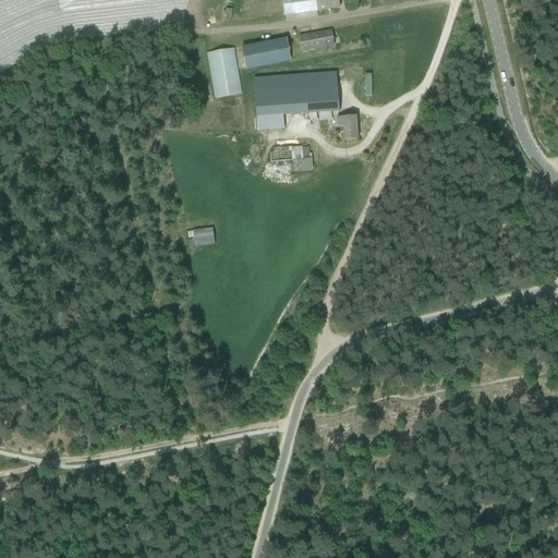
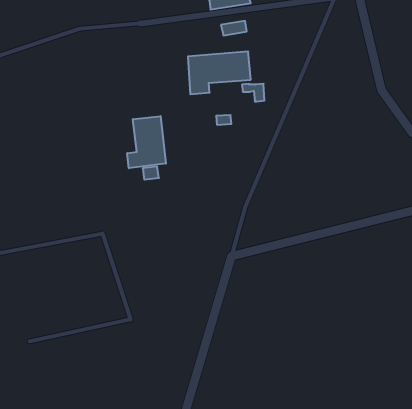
building: [242,36,290,66] -> none
building: [207,46,241,96] -> none
building: none -> [127,116,166,168]

